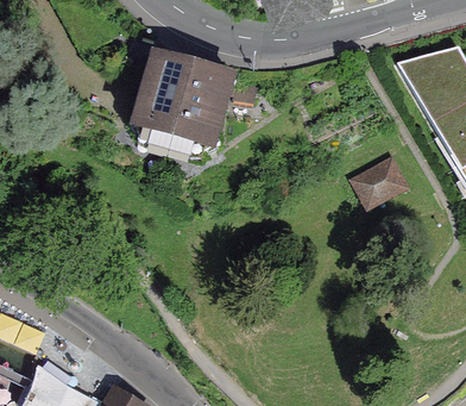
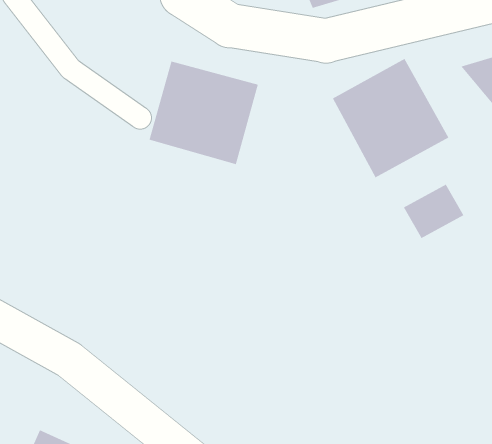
building: none -> [332,58,450,178]

